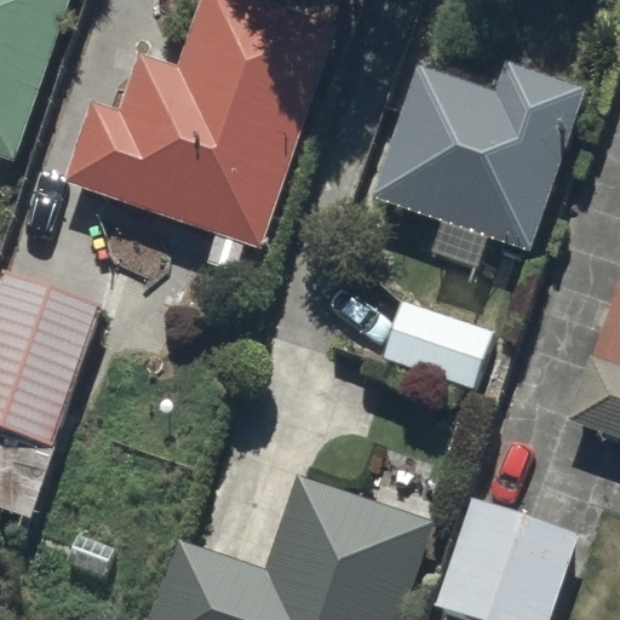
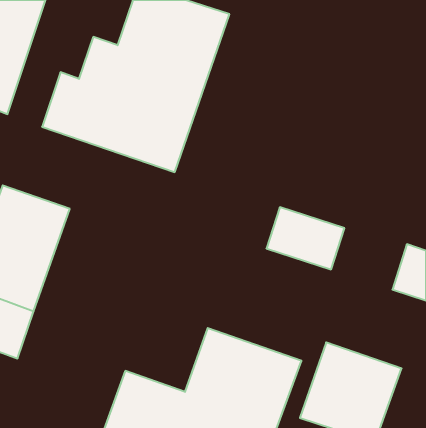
building: [374,57,589,249] -> none

